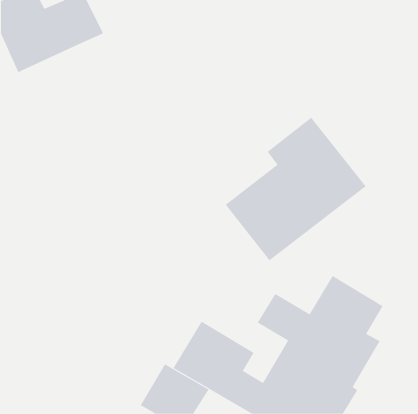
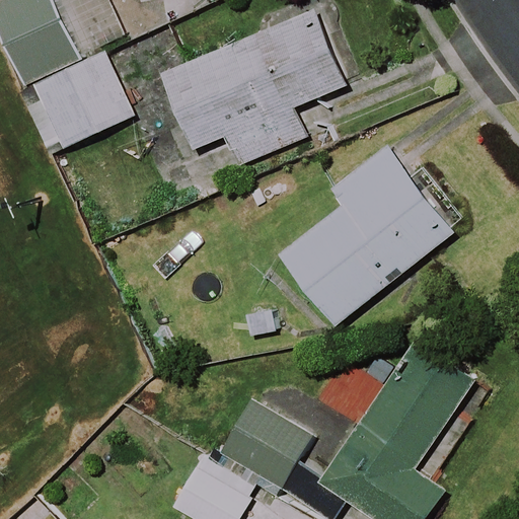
building: none -> [157,11,345,164]
building: none -> [22,52,135,152]

